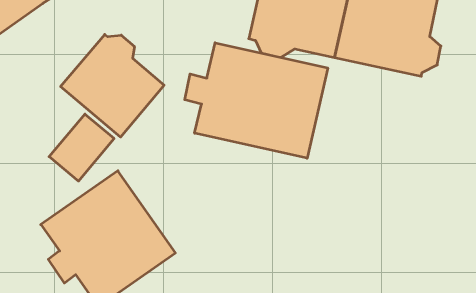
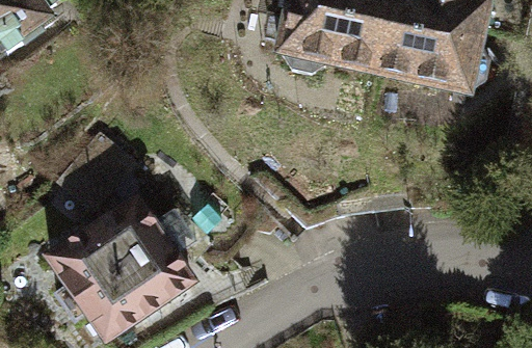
building: [61,34,164,137] -> none
building: [185,43,328,158] -> none

